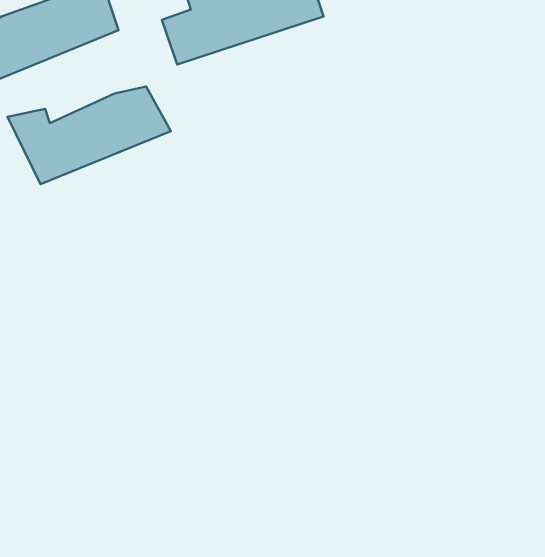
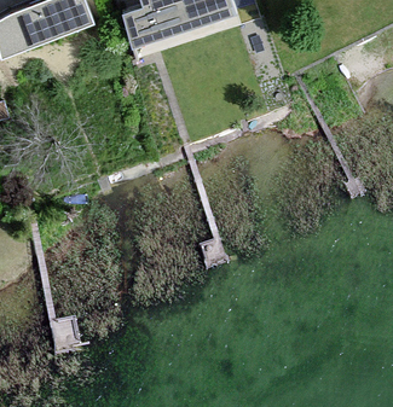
building: [8,87,171,184] -> none

